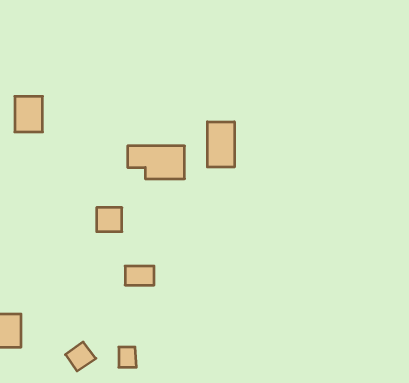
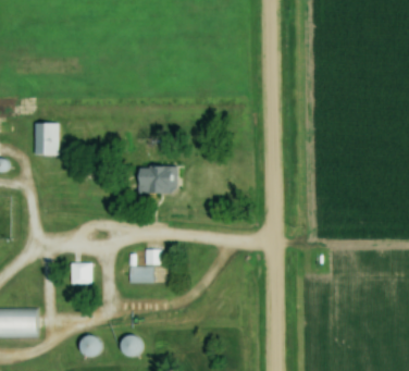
building: [207,122,234,167] -> none
building: [97,208,122,232] -> [72,263,94,284]

